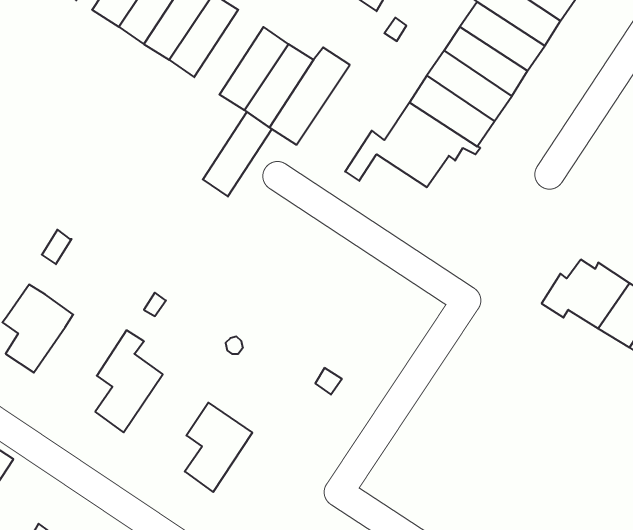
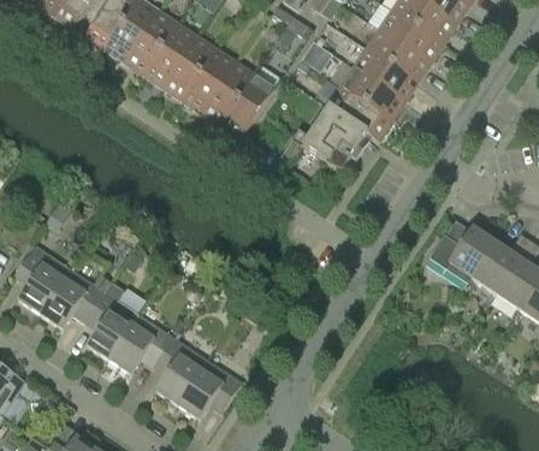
building: [203,112,272,197] -> [162,35,215,100]
building: none -> [40,268,111,327]
building: none -> [108,314,173,373]
building: none -> [177,358,242,419]

